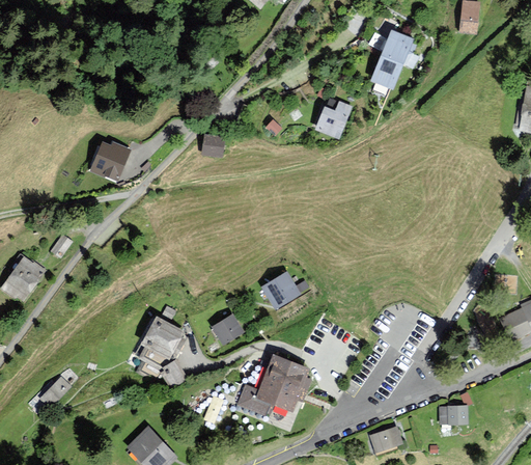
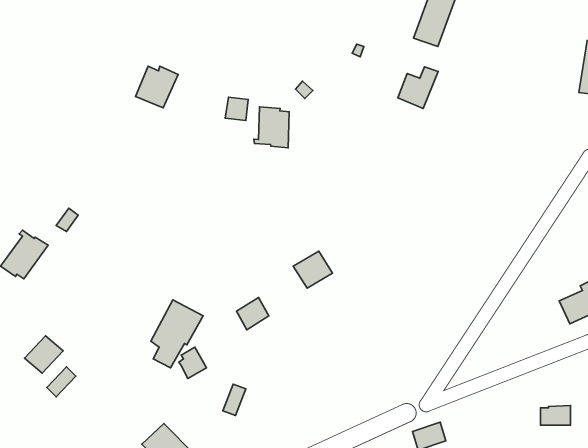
building: [315,102,352,139] -> [398,67,438,108]
building: [90,142,129,180] -> [135,66,178,108]
building: none -> [254,107,289,148]
building: none -> [24,336,63,373]
building: [239,355,309,414] -> none
building: [440,405,467,422] -> [541,405,571,425]

